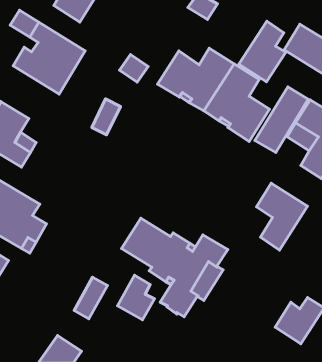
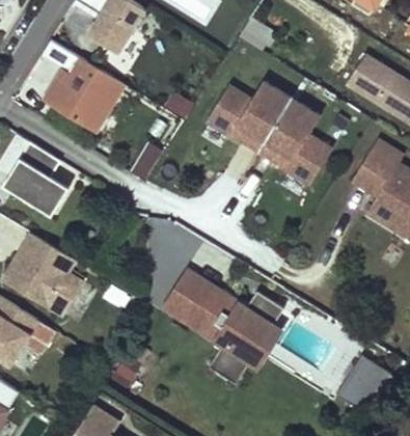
building: [239,21,286,82] -> none
building: [255,87,308,153] -> none
building: [257,183,308,250] -> none
building: [117,275,154,320] -> none

